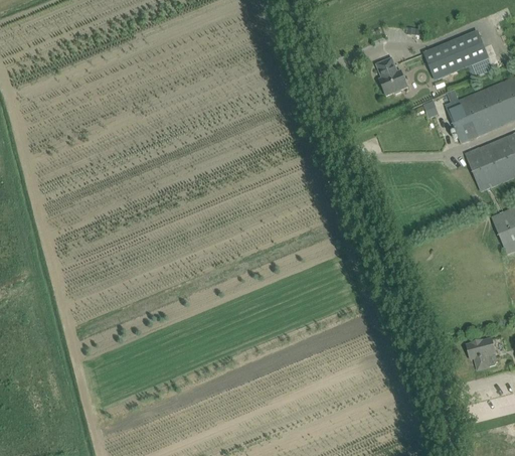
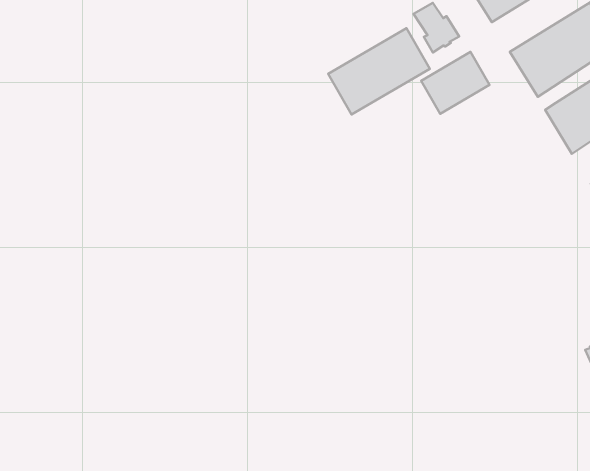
building: none -> [328,28,430,114]
building: none -> [421,52,490,114]

